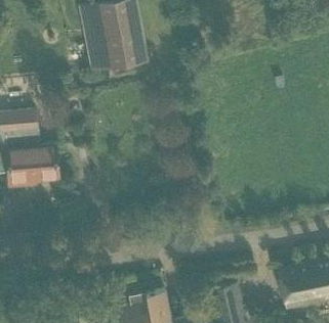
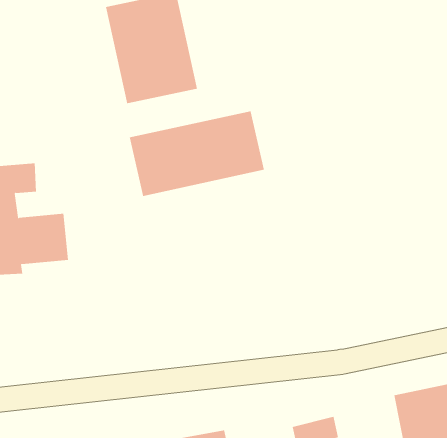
building: none -> [129,110,264,197]

